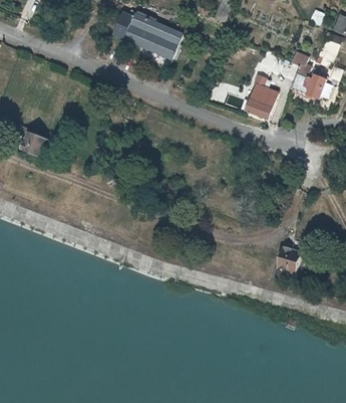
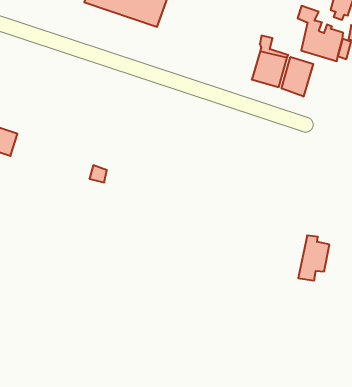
building: none -> [282,57,313,97]

